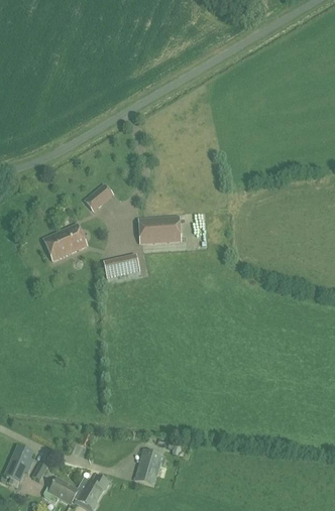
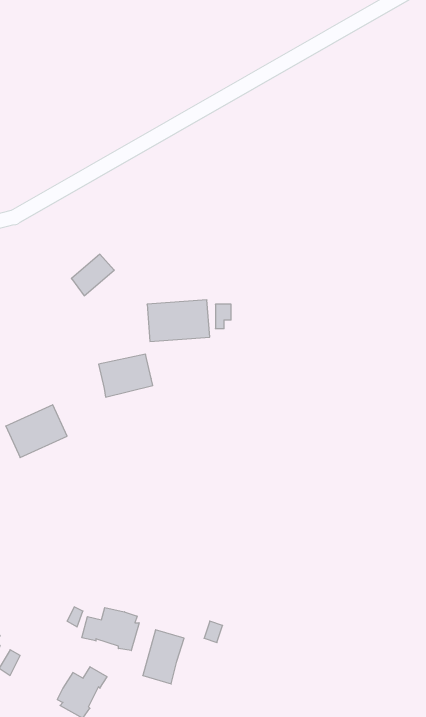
building: [42,223,86,260] -> [6,405,67,458]
building: none -> [82,608,139,651]
building: [43,477,77,503] -> none

